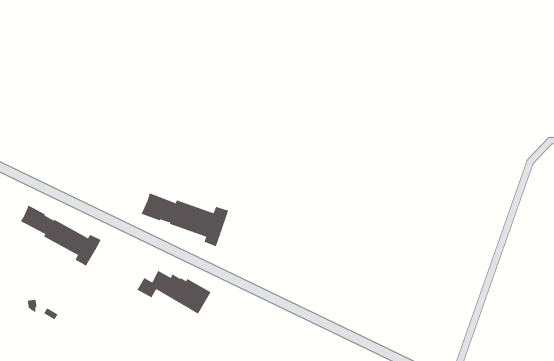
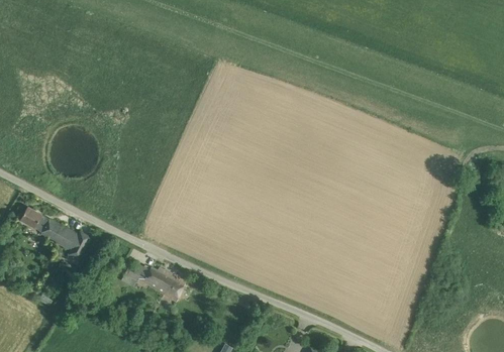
building: [141,193,229,247] -> none

